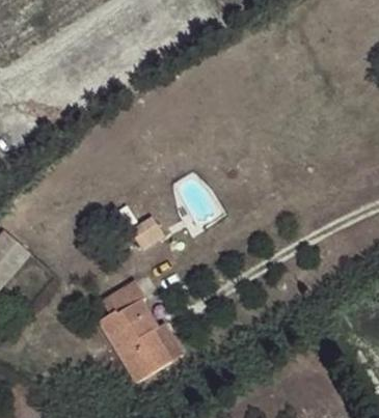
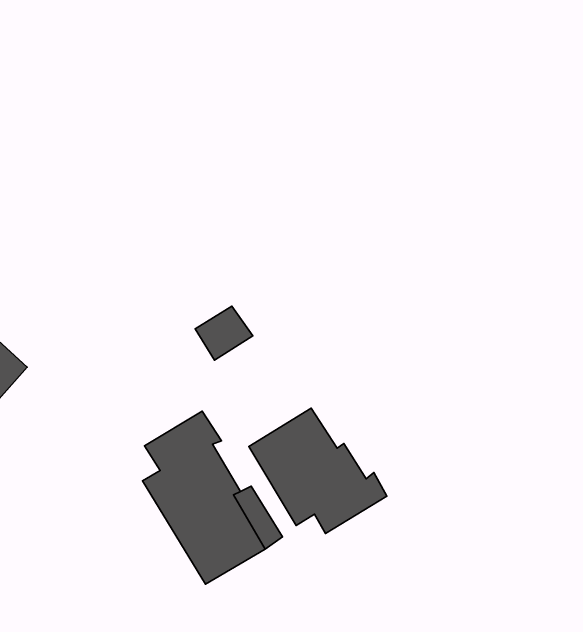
building: none -> [249,408,387,533]

